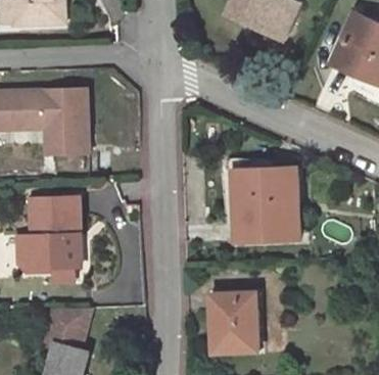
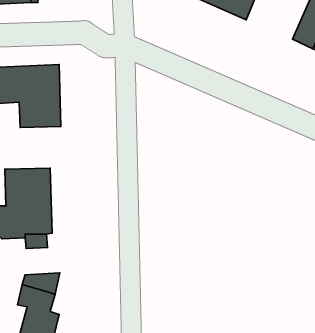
building: [234,170,299,240] -> none
building: [211,292,258,351] -> none

